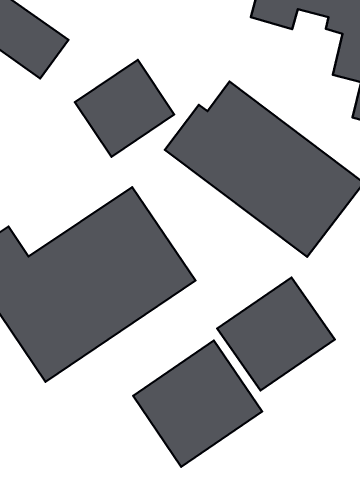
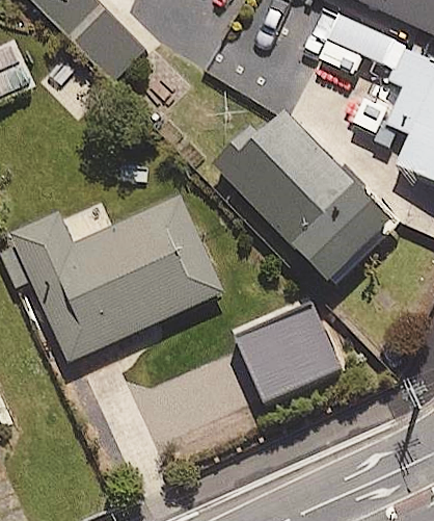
building: [75,60,174,157] -> none
building: [133,340,262,467] -> none

